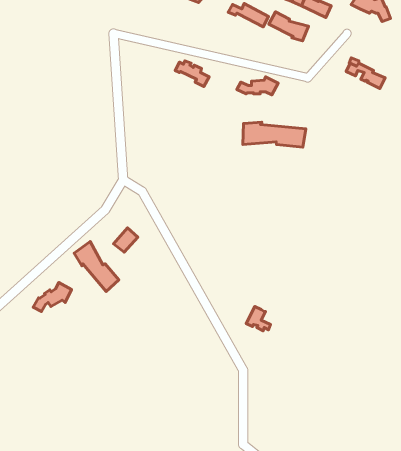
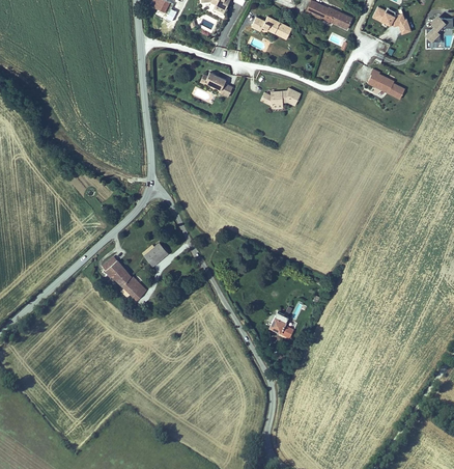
building: [269,12,309,41] -> none
building: [243,122,306,147] -> none
building: [33,282,72,312] -> none

